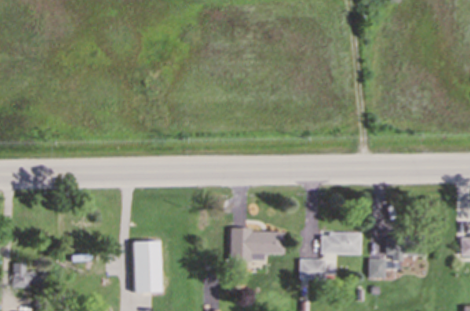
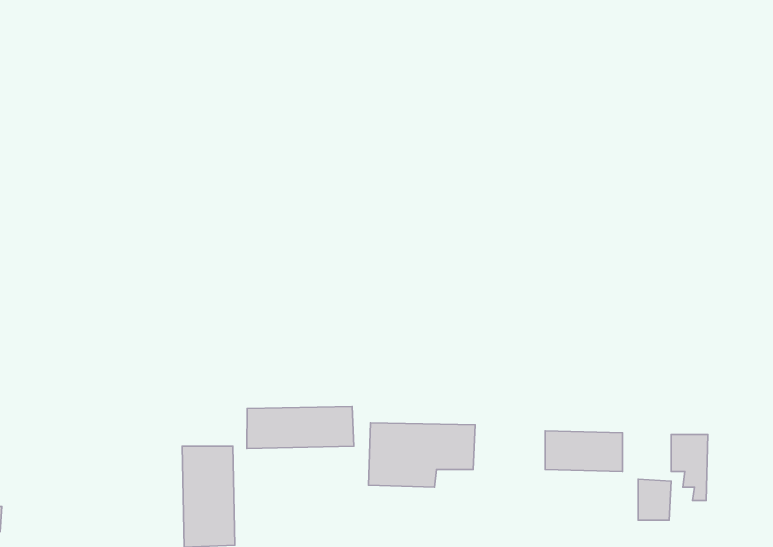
building: none -> [247,407,354,448]
building: [300,259,325,279] -> none

